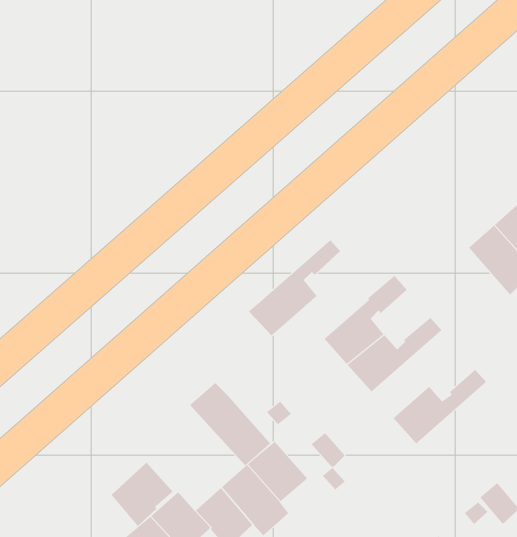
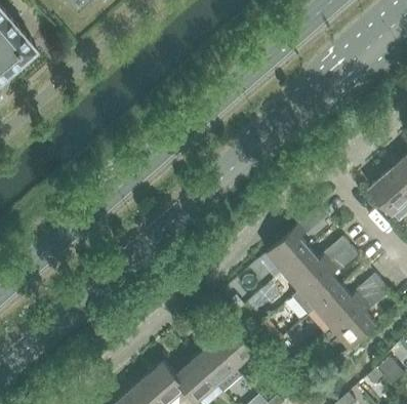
building: [248,240,341,336] -> [291,248,357,317]
building: none -> [331,285,390,349]
building: [189,382,271,466] -> none
building: [111,462,173,527] -> none

